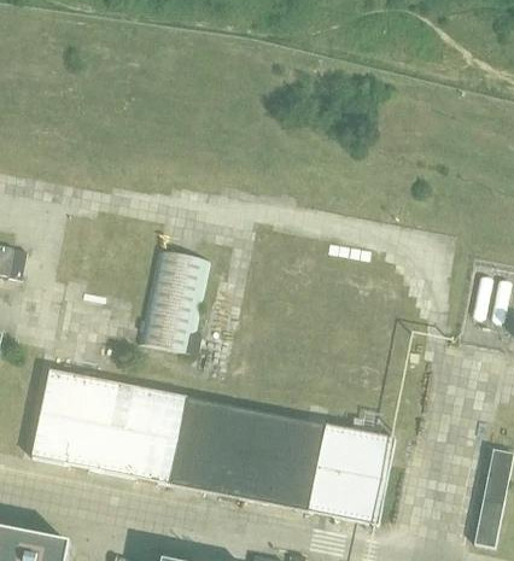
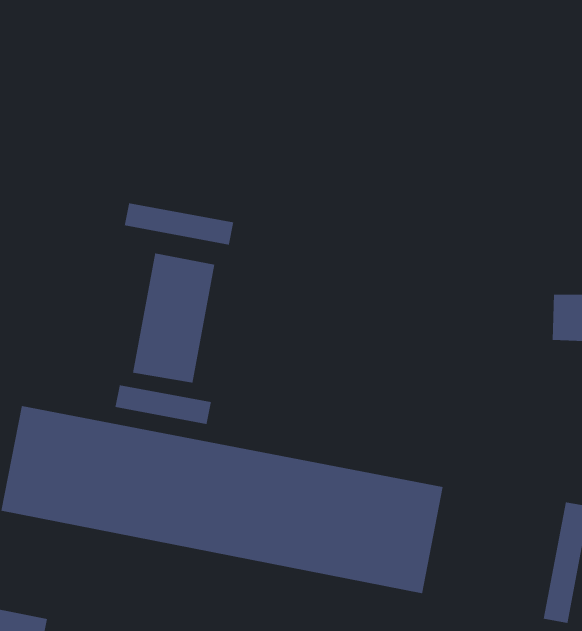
building: none -> [124,202,234,245]
building: none -> [115,384,212,425]

